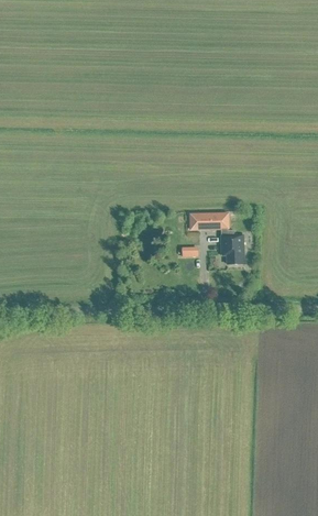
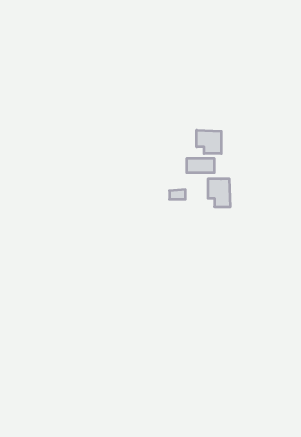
building: none -> [197,130,221,154]

